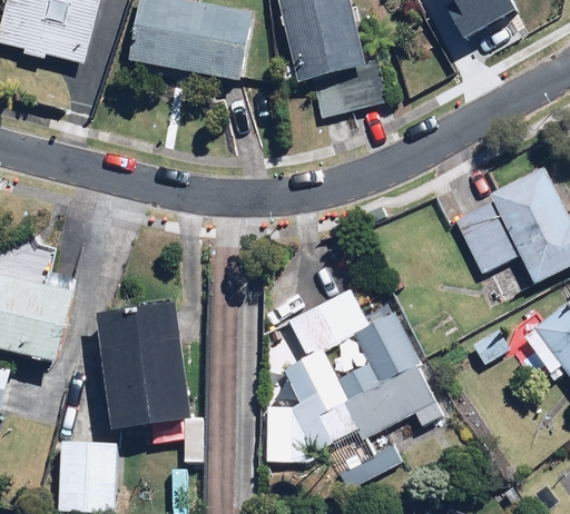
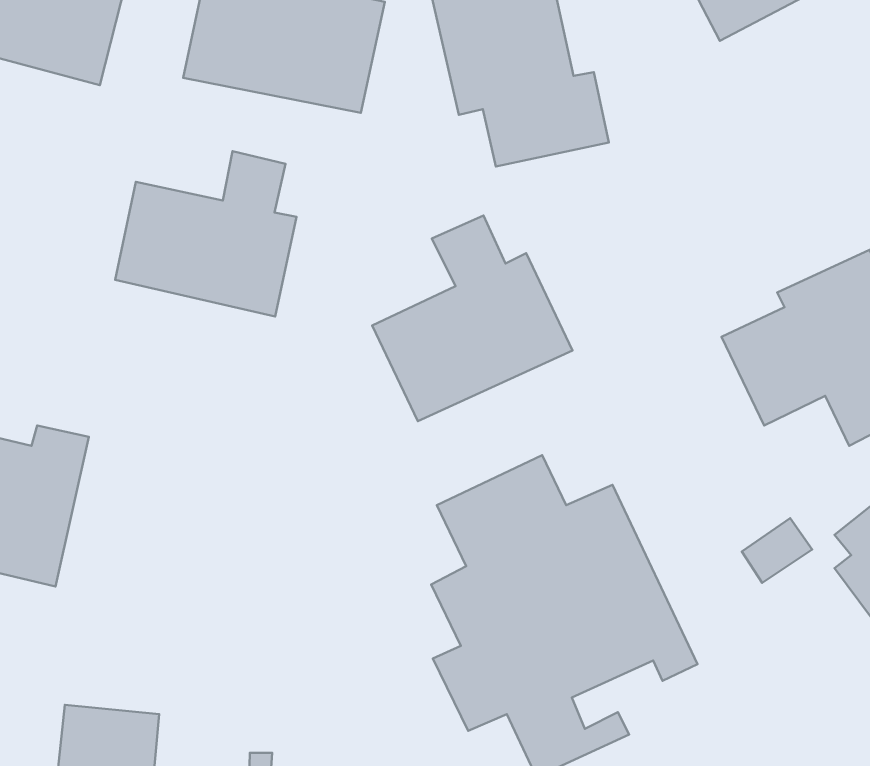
building: none -> [115,151,297,316]
building: none -> [372,215,572,421]
building: [95,300,193,428] -> none

